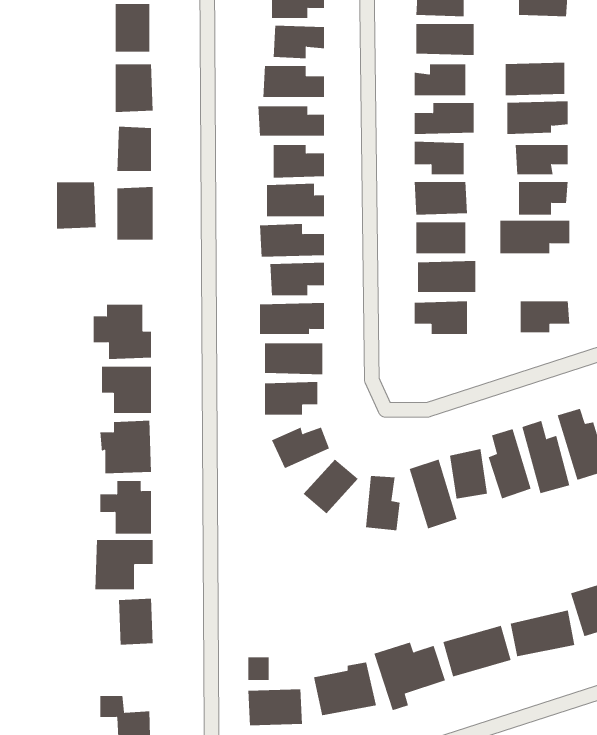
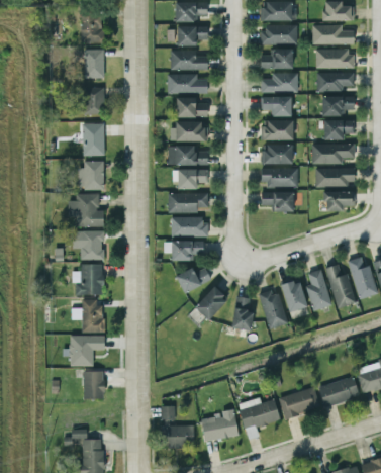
building: none -> [311,25,354,44]
building: [56,182,96,229] -> [80,162,104,190]
building: none -> [314,168,355,186]

